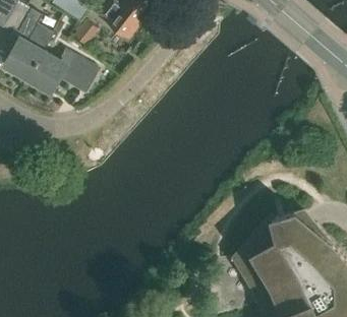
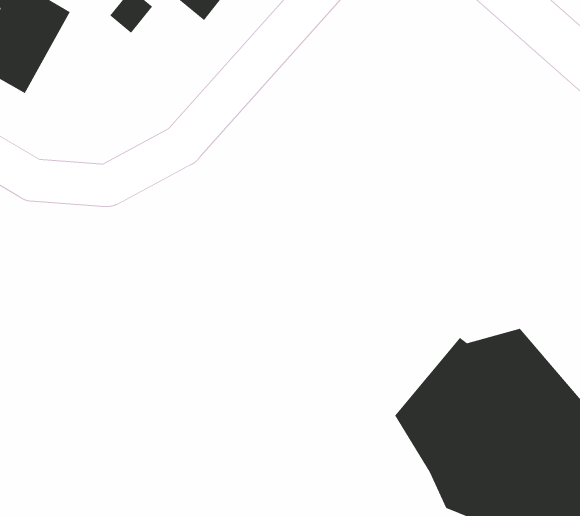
building: [25,53,96,93] -> none

